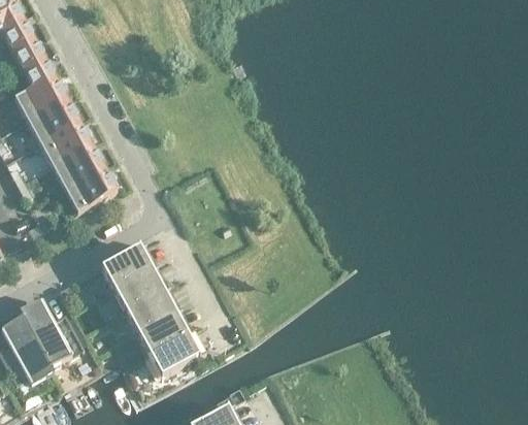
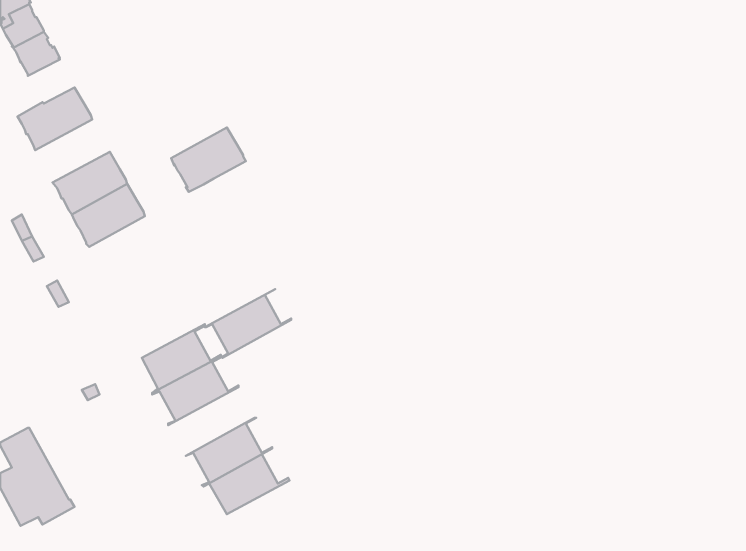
building: [21,54,54,85] -> none
building: [26,96,78,140] -> none
building: [64,164,117,209] -> [171,127,246,192]
building: [120,285,180,333] -> [205,289,291,358]
building: [18,296,84,364] -> none

